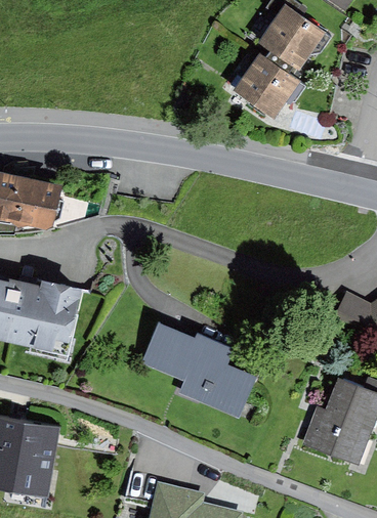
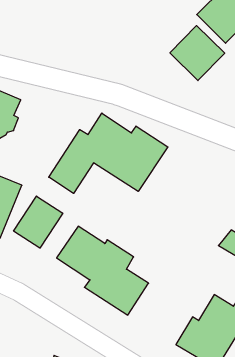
building: none -> [49,113,168,193]
building: none -> [14,196,63,248]

